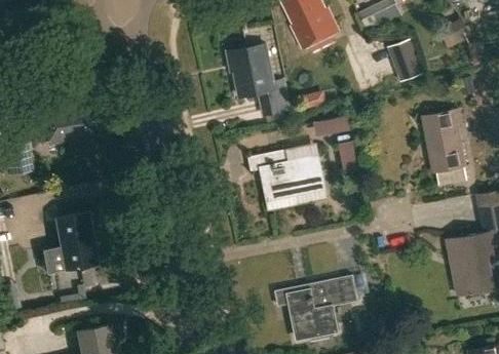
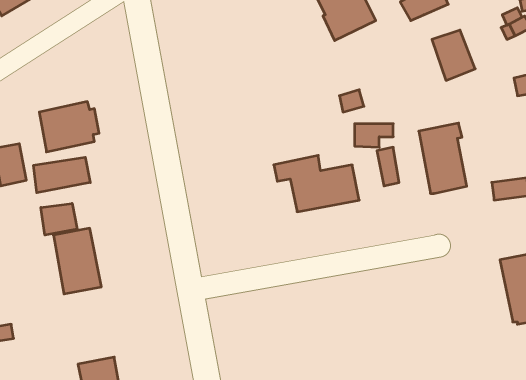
building: [226,44,287,115] -> none
building: [422,109,464,170] -> [419,123,467,193]
building: none -> [34,157,90,193]
building: none -> [41,203,77,235]
building: [274,274,357,337] -> none

